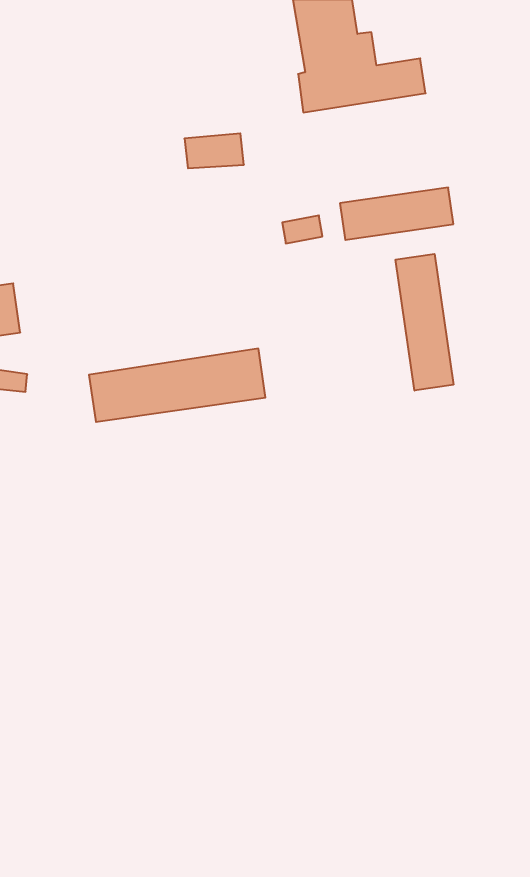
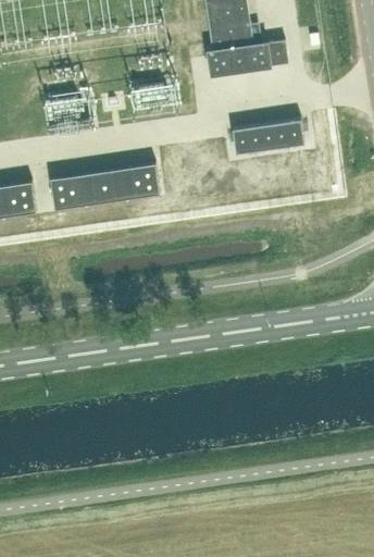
building: [396,254,453,391] -> none
building: [89,349,265,422] -> [49,164,159,210]

